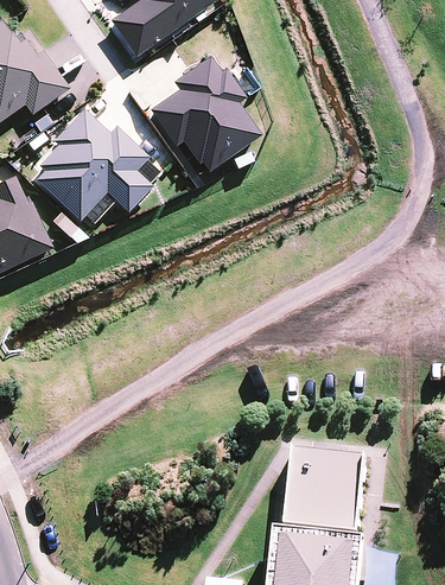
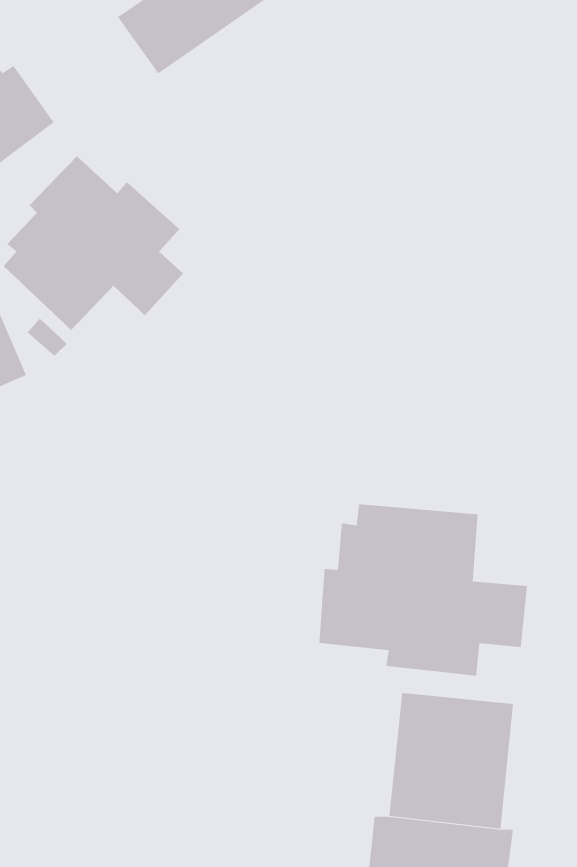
building: [150,55,261,171] -> none
building: none -> [319,503,528,676]

